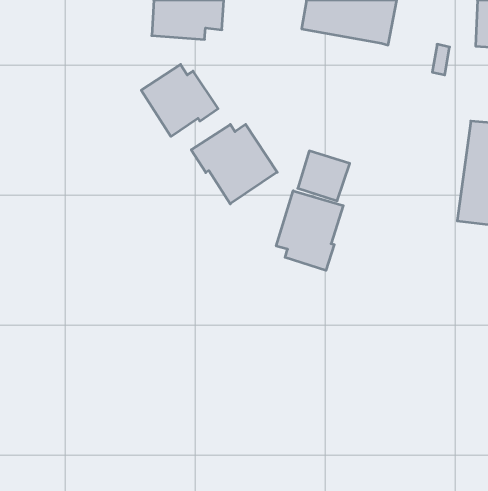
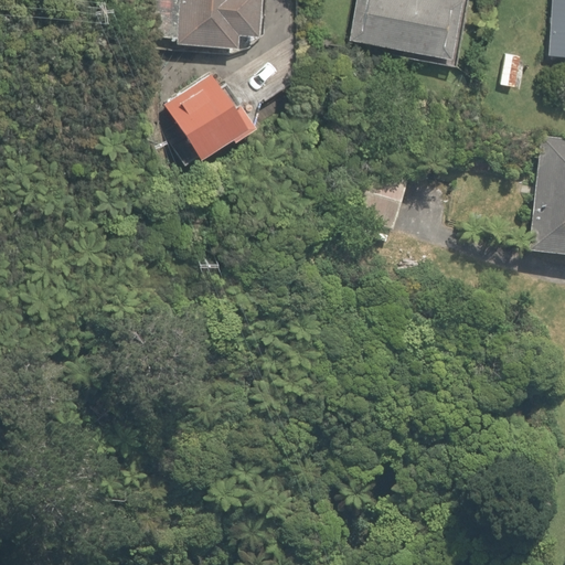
building: [191,124,277,204] -> none
building: [276,191,343,270] -> none

